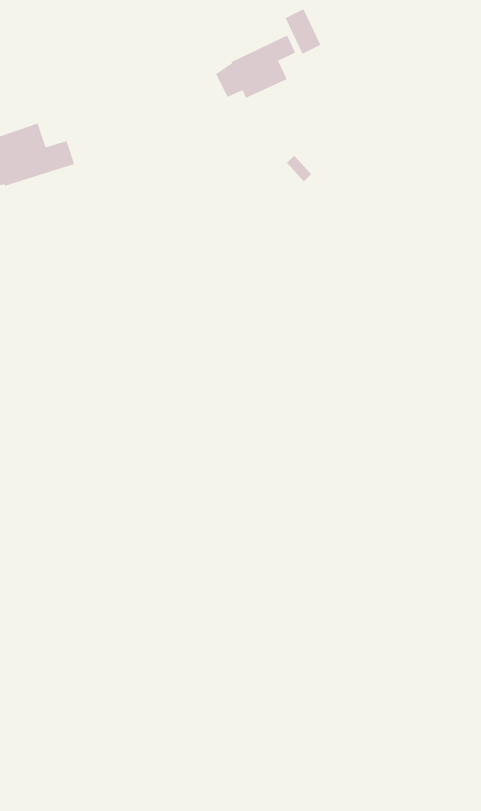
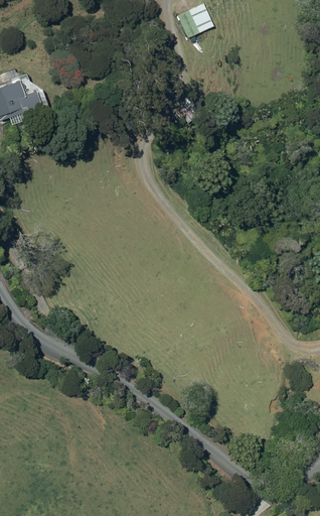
building: [215,34,296,99] -> none

